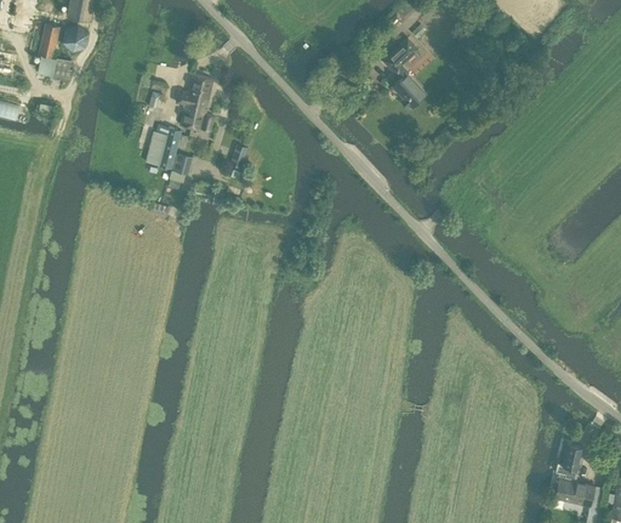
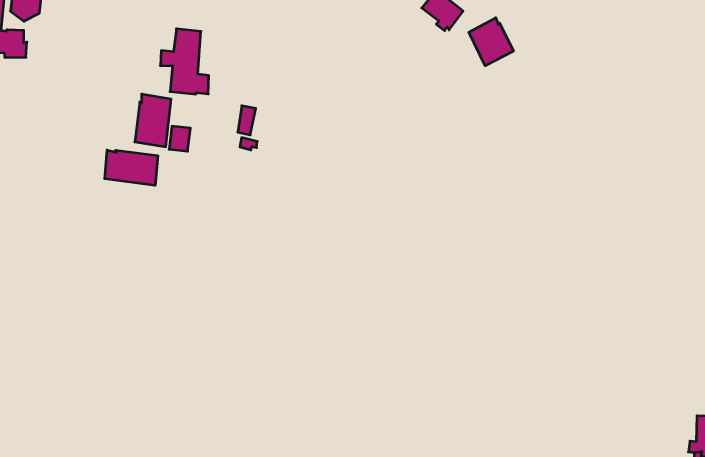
building: none -> [469,18,513,66]
building: none -> [105,150,158,185]

